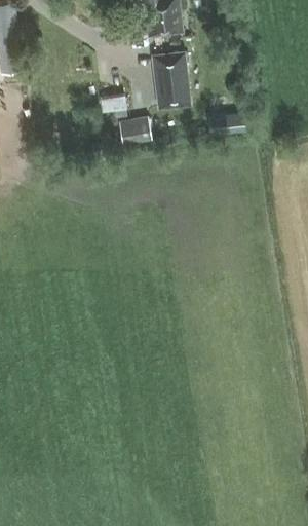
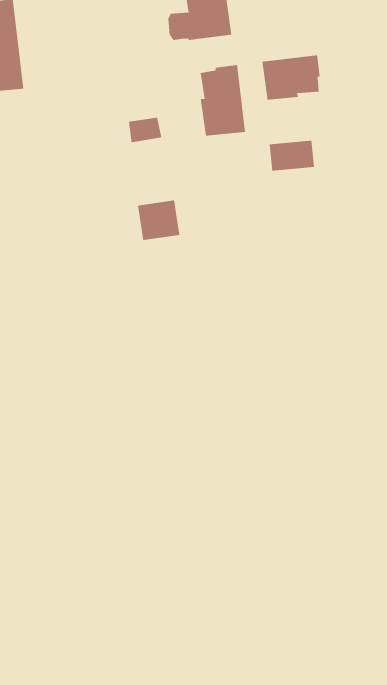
building: none -> [262,54,320,100]
building: [119,115,152,146] -> [137,200,180,240]

